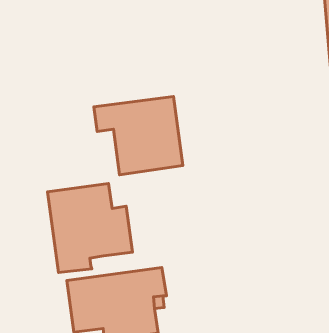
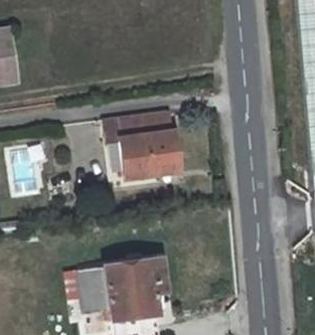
building: [47,184,133,273] -> none

